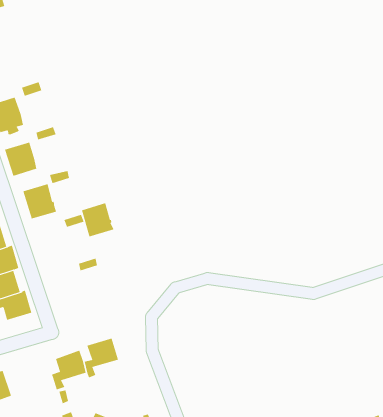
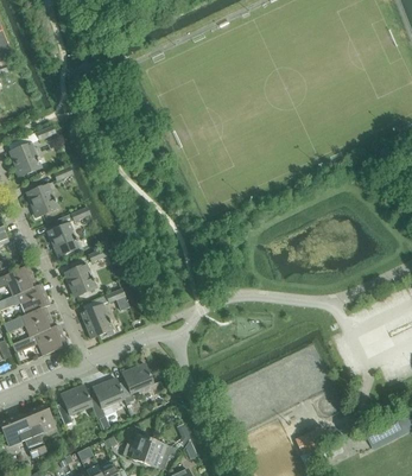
building: [81,203,114,237] -> [64,262,97,297]
building: none -> [81,303,114,338]
building: none -> [57,383,91,424]

